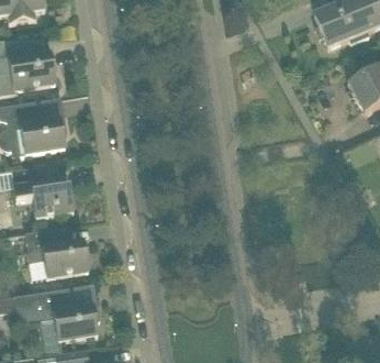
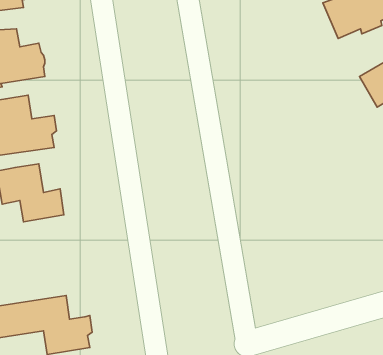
building: [24,228,88,277] -> none

